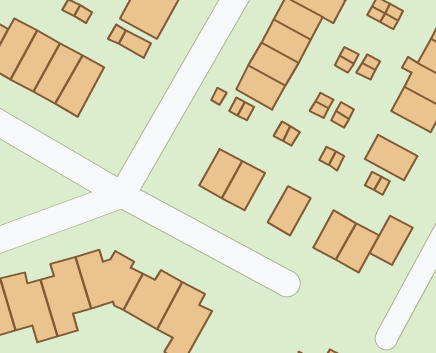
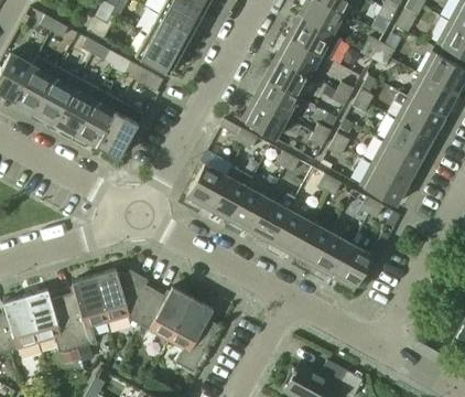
building: none -> [96,101,143,159]
building: none -> [371,141,420,183]
building: none -> [186,164,226,210]
building: none -> [249,194,294,244]
building: [370,216,413,265] -> [291,222,331,267]

